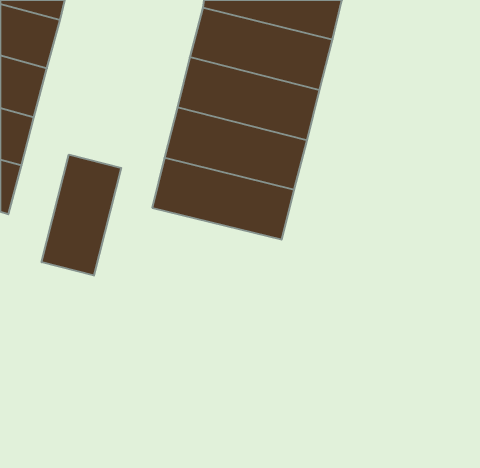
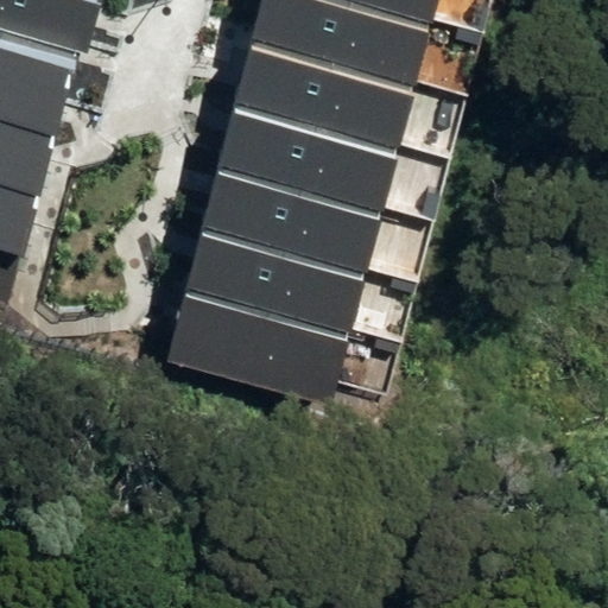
building: [42,155,121,276] -> none
building: none -> [176,278,356,382]

